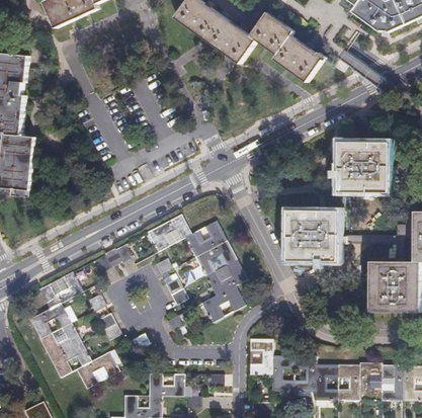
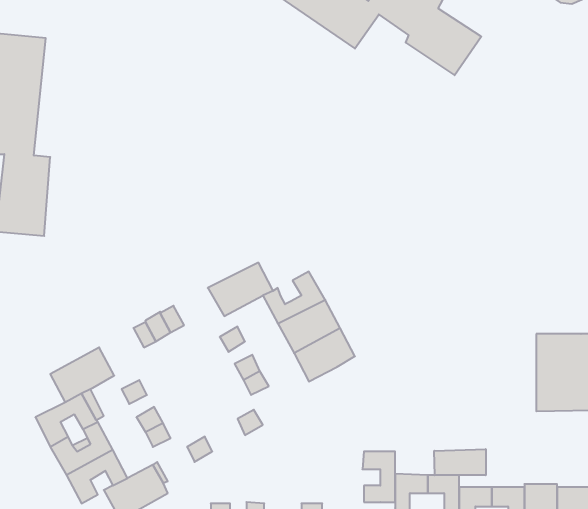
building: [334,143,387,194] -> none
building: [284,213,334,261] -> none
building: [197,281,241,318] -> none
building: none -> [434,449,486,475]

